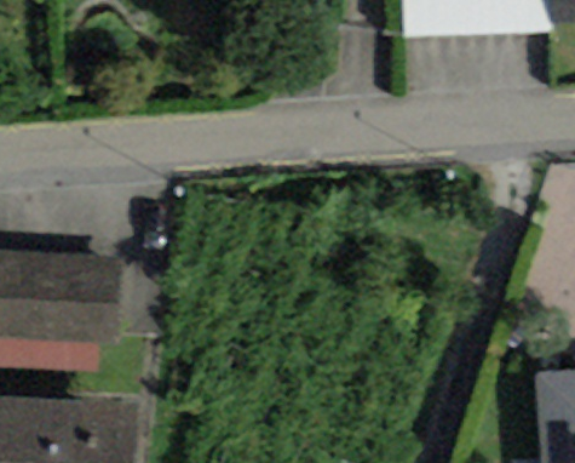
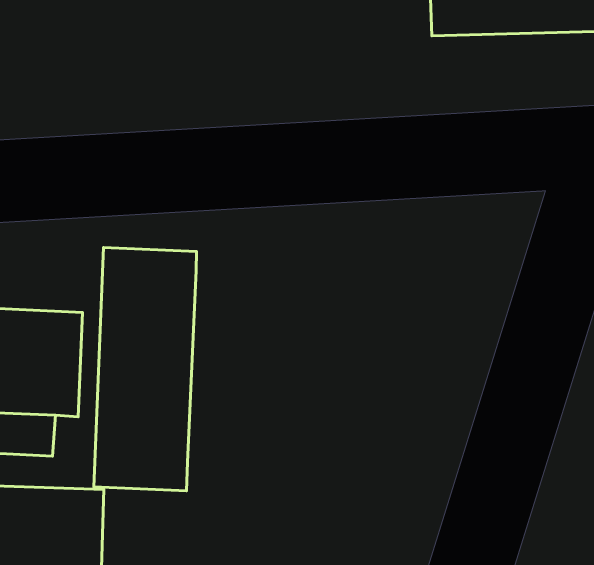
building: none -> [94,247,196,491]

